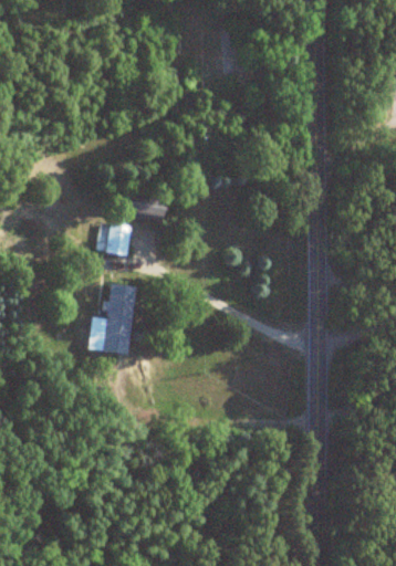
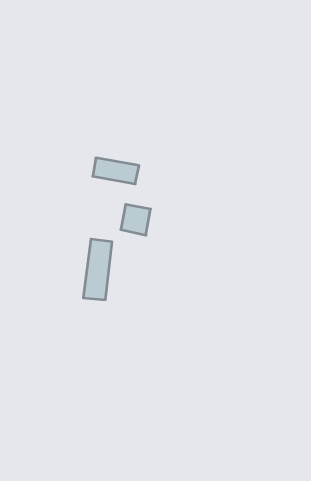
building: [97,221,132,256] -> [121,204,151,235]

